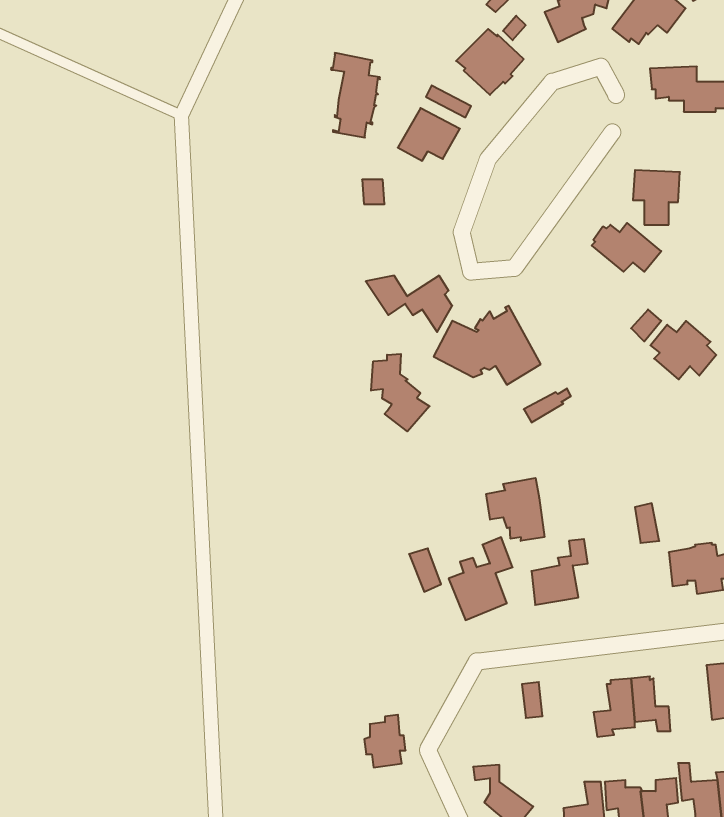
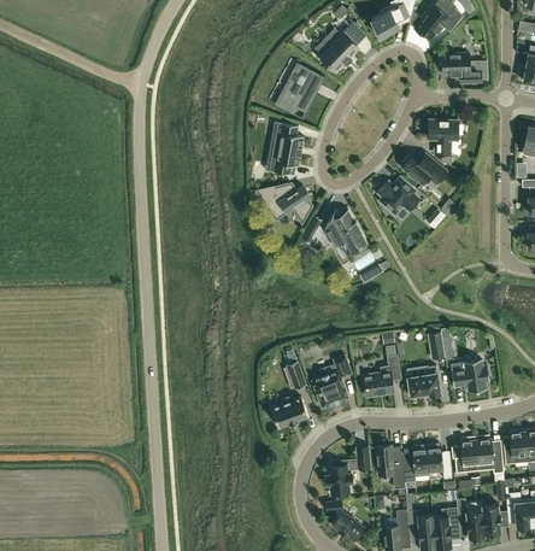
building: [331,53,380,138] -> [272,122,304,176]
building: [650,321,716,379] -> [377,177,419,215]
building: [371,354,430,431] -> none
building: [486,478,544,541] -> none
building: none -> [407,365,441,395]
building: none -> [270,395,307,428]
building: none -> [454,436,478,473]
building: none -> [376,445,405,490]
building: [364,715,406,767] -> [325,461,352,494]

